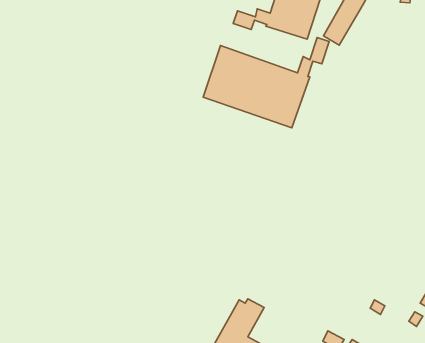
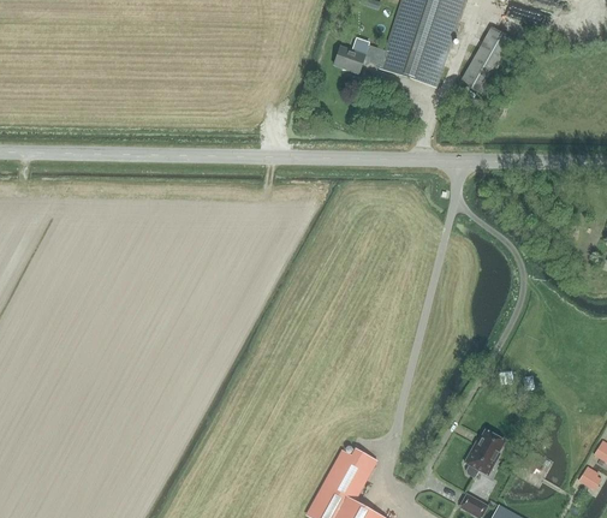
building: [203,37,329,128] -> none
building: none -> [464,428,506,478]

